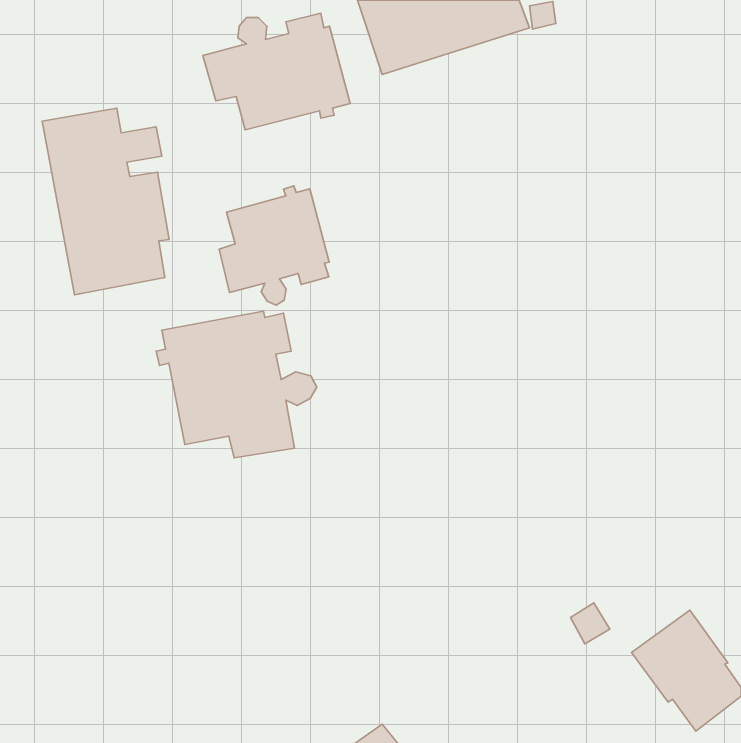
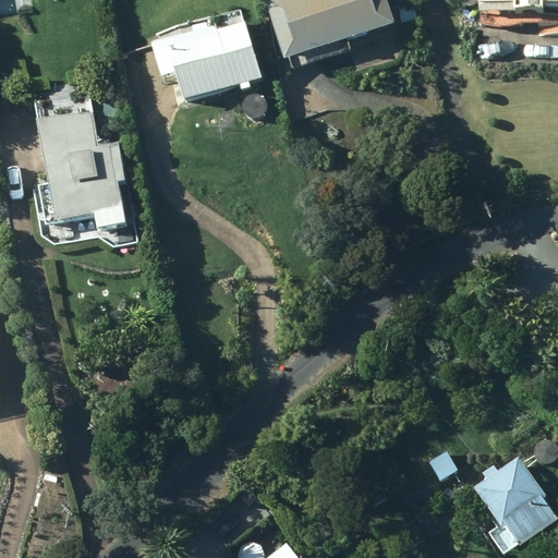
building: [219,186,329,305] -> none
building: [156,311,317,458] -> none

